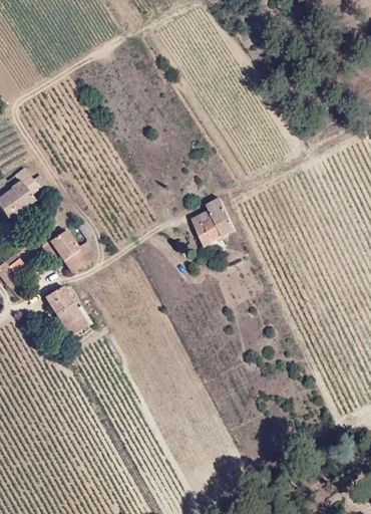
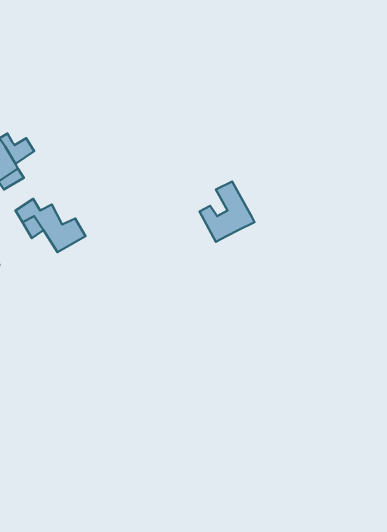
building: [48,296,79,334] -> none

